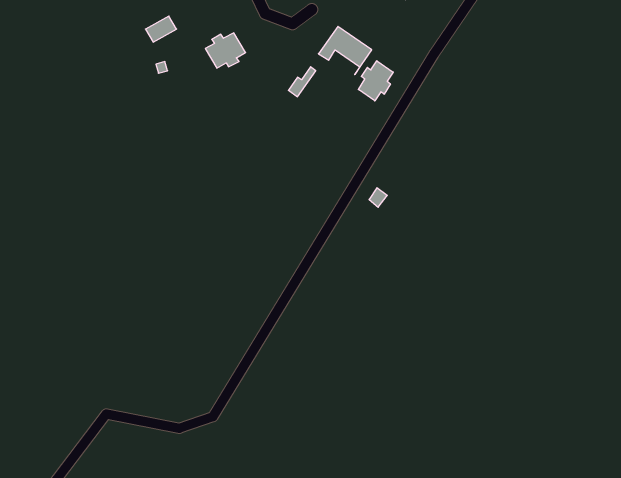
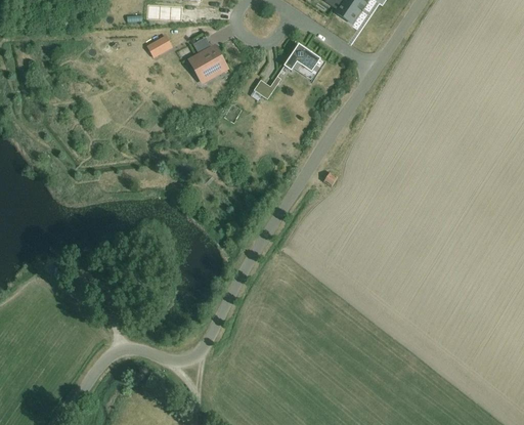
building: [358,61,393,101] -> none

